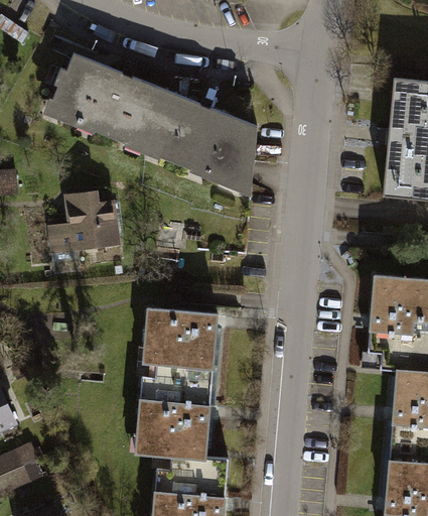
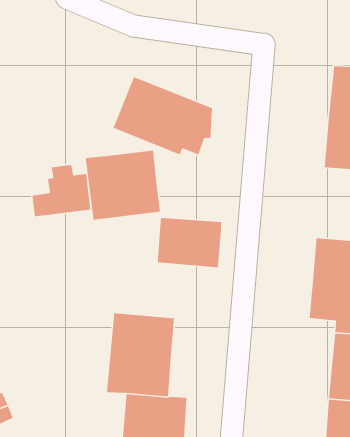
building: [51,53,167,150] -> none
building: none -> [85,150,161,221]
building: [144,308,219,367] -> [157,217,222,268]

